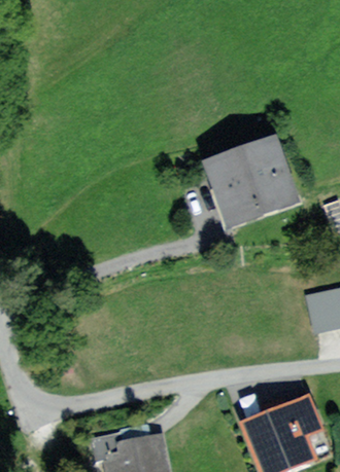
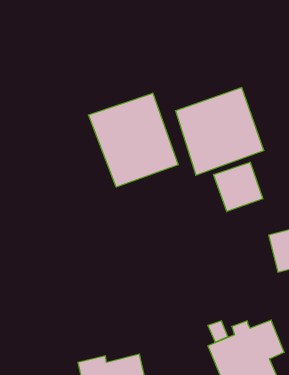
building: none -> [88,93,178,187]
building: none -> [214,162,263,212]

